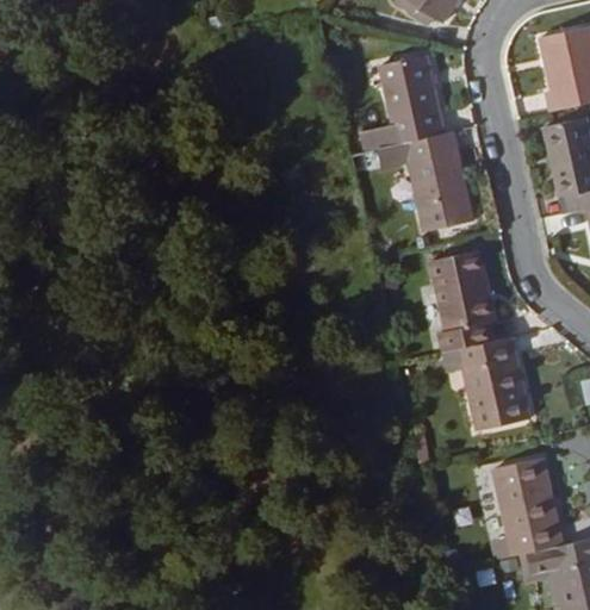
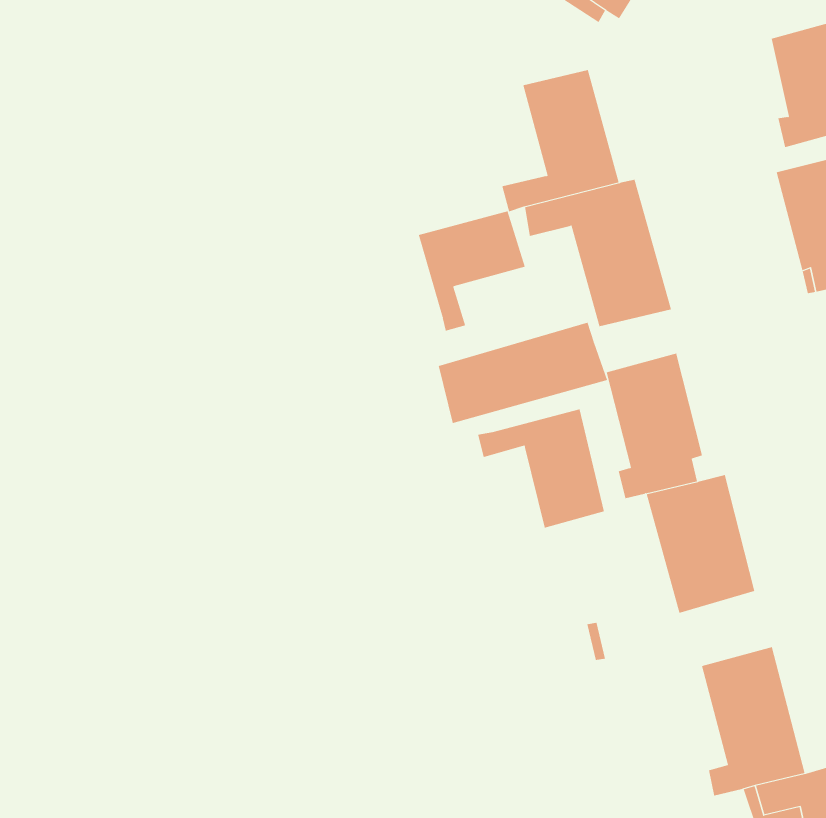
building: none -> [418,210,525,331]
building: none -> [438,322,608,424]
building: none -> [477,409,605,528]

